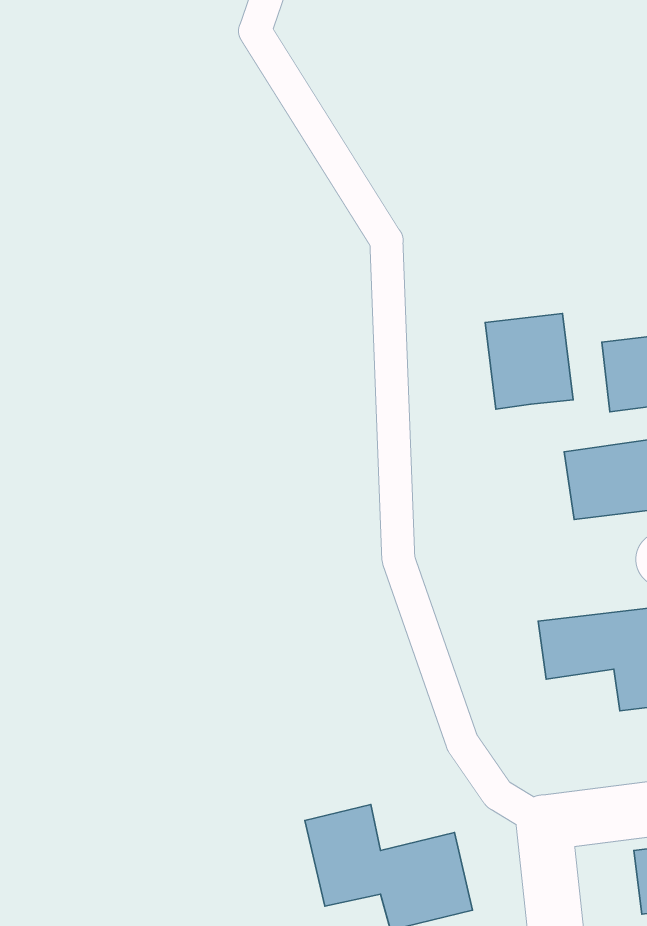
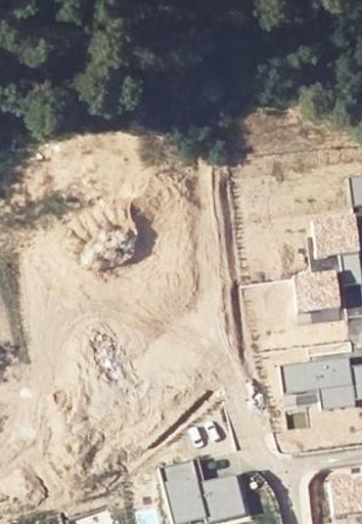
building: [485,313,573,409] -> none

